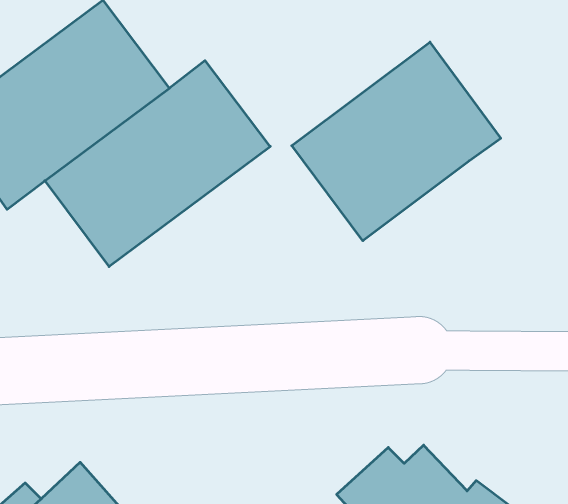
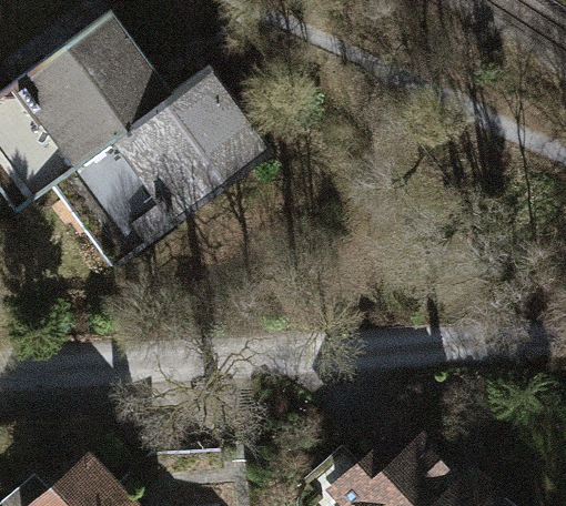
building: [292,42,501,241] -> none

